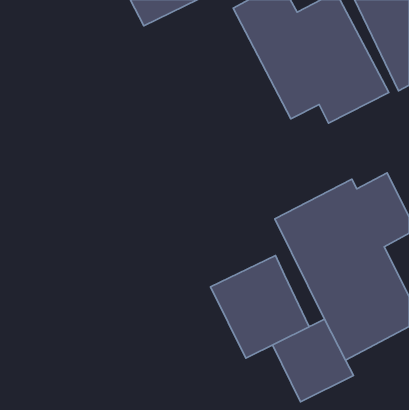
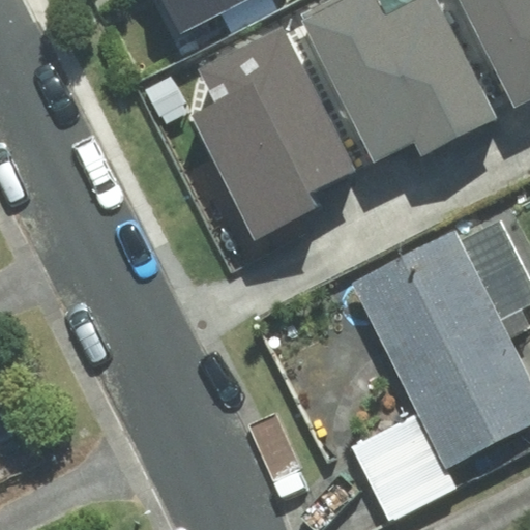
building: none -> [198,33,353,248]
building: [211,256,309,358] -> none

